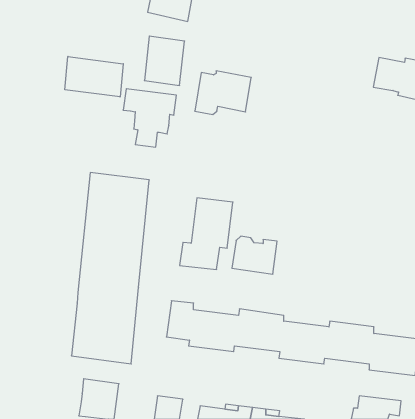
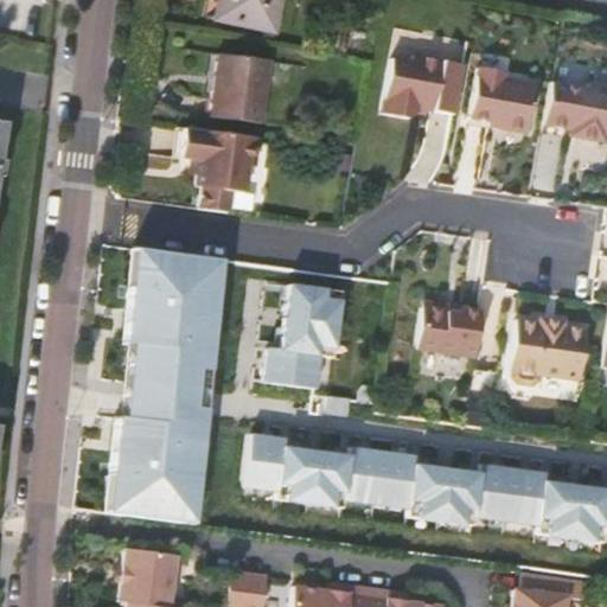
building: none -> [472,68,538,133]
building: [65,56,123,97] -> none
building: [195,71,251,114] -> [384,57,466,120]
building: none -> [511,320,589,385]
building: [232,236,277,274] -> [418,302,484,357]

